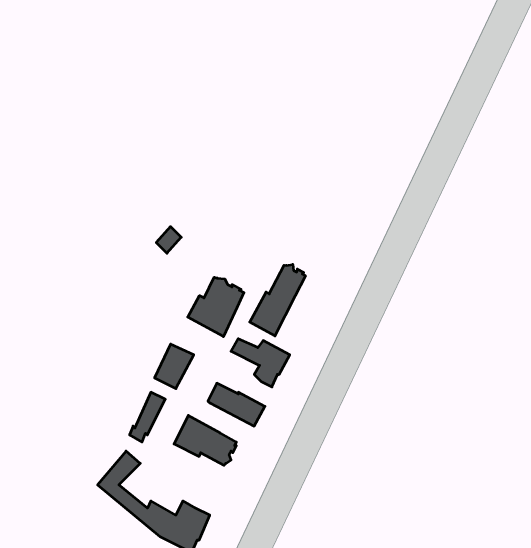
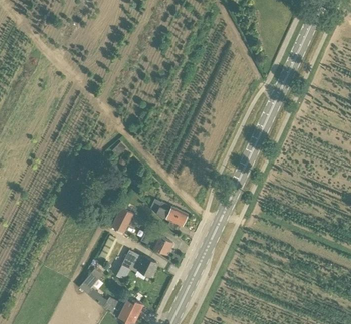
building: [250,264,305,336] -> none
building: [188,277,244,337] -> none

